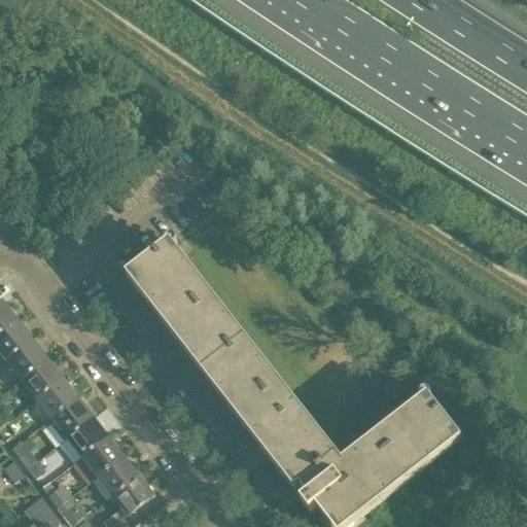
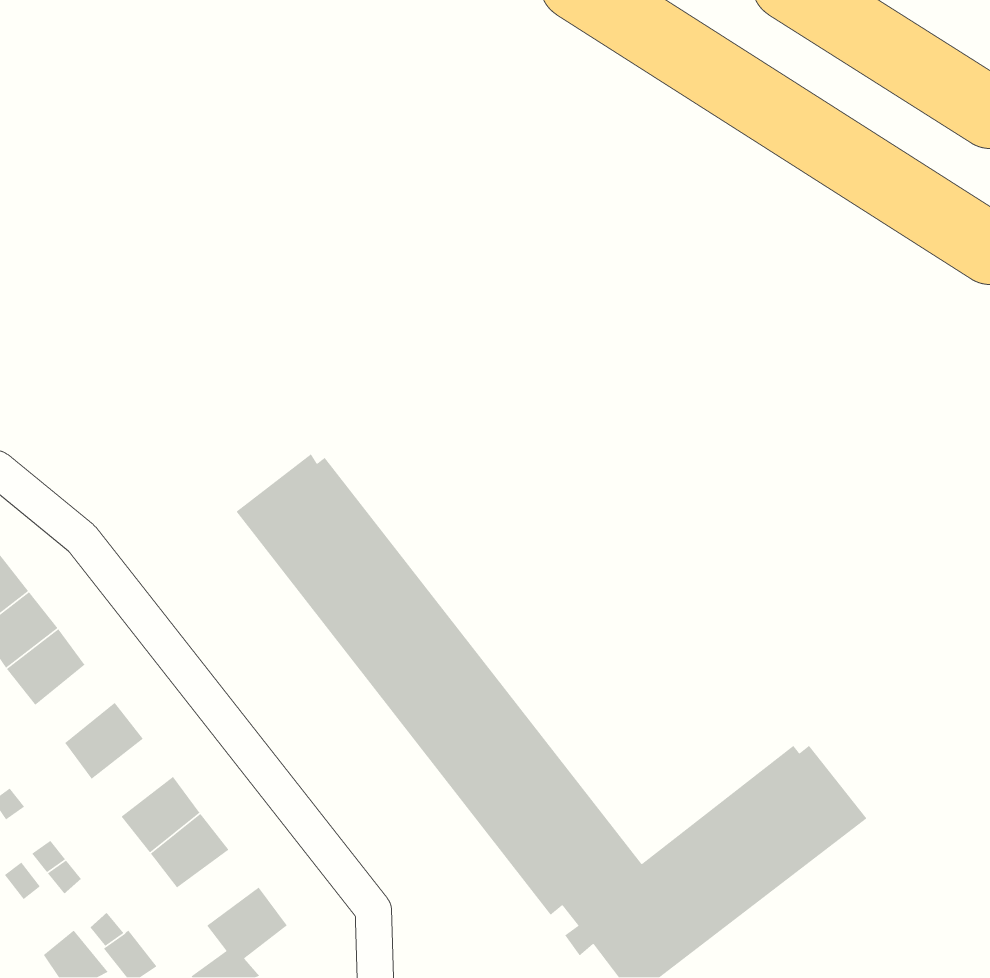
building: [19,352,61,393] -> none
building: [48,391,92,432] -> none
building: [94,450,137,490] -> none

